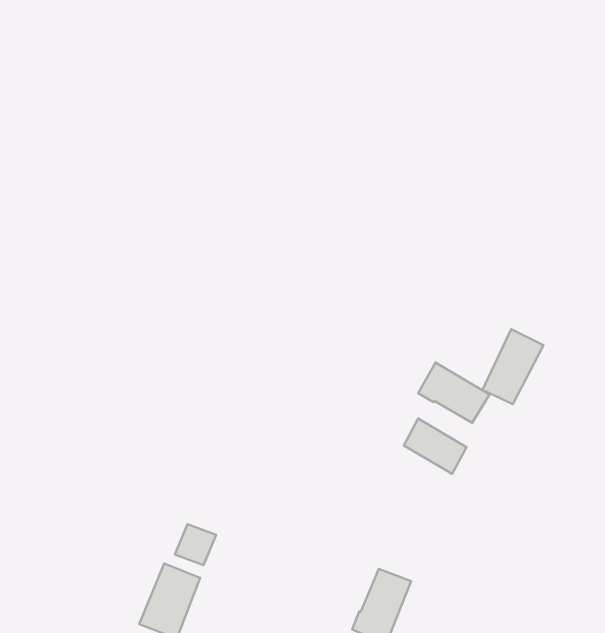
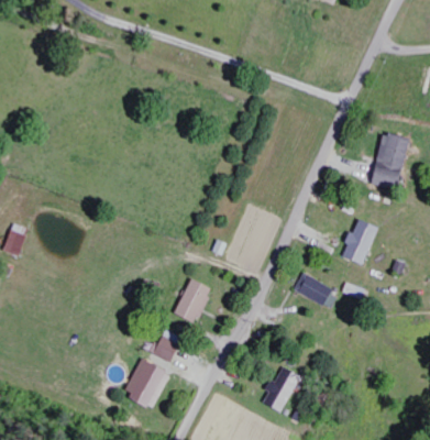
building: none -> [367,132,411,191]
building: [418,363,489,423] -> none
building: none -> [174,278,210,323]

